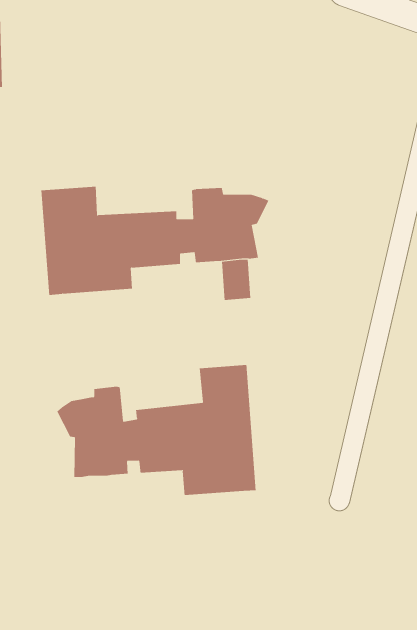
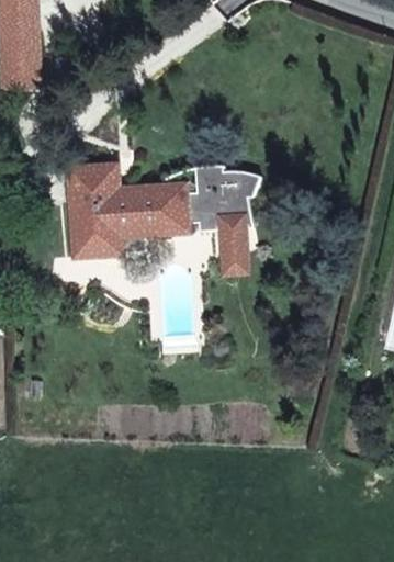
building: [57,364,256,496] -> none

